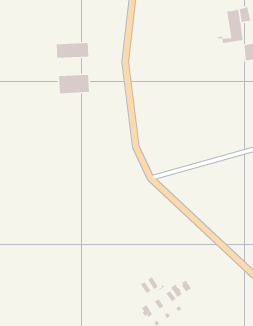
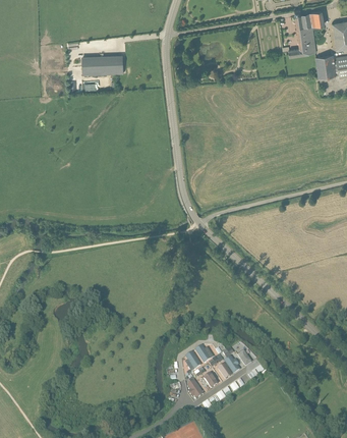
building: [58,74,90,94] -> none

